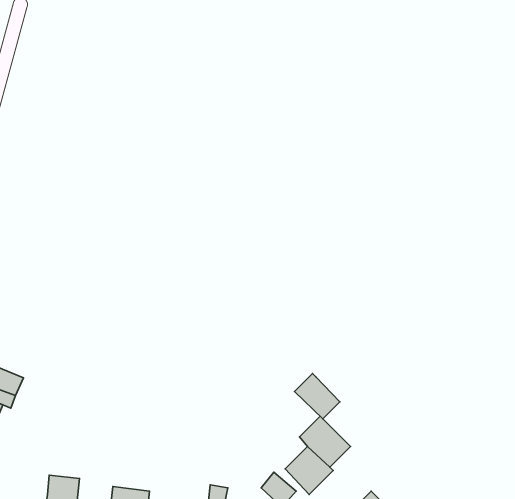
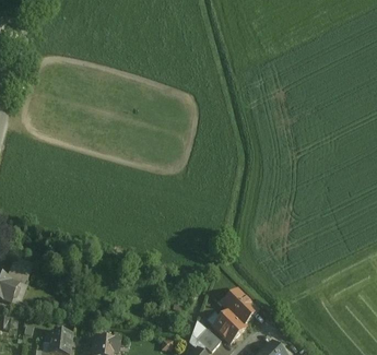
building: [294,373,340,419] -> none

